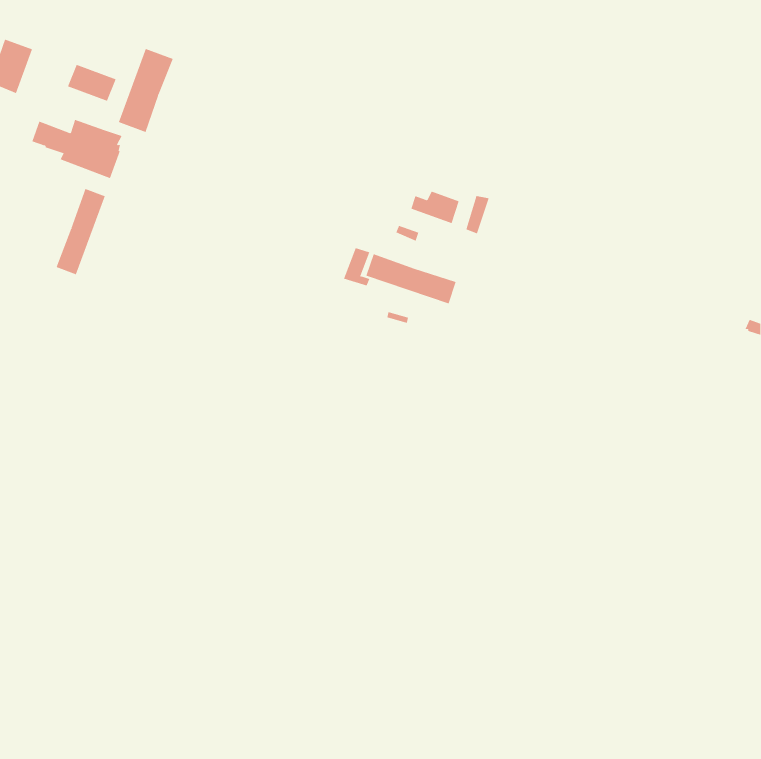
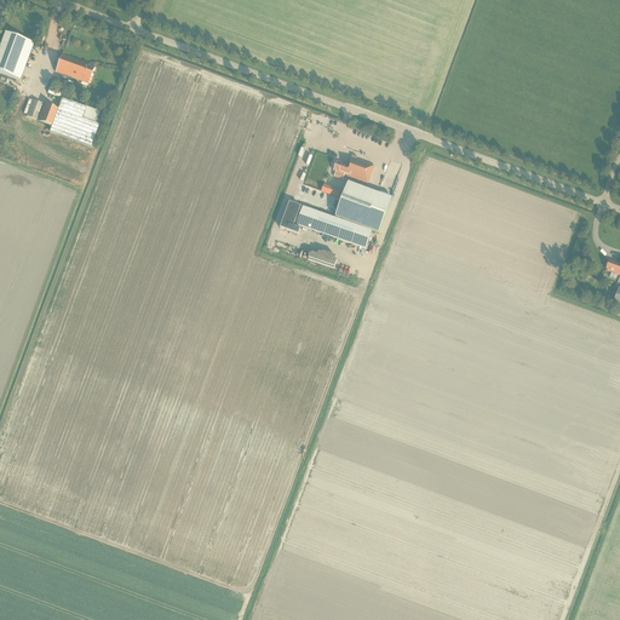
building: [118,48,173,133] -> none
building: [56,188,105,275] -> none
building: none -> [334,180,391,231]

